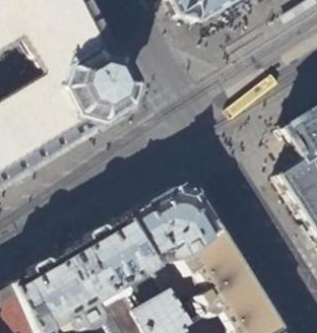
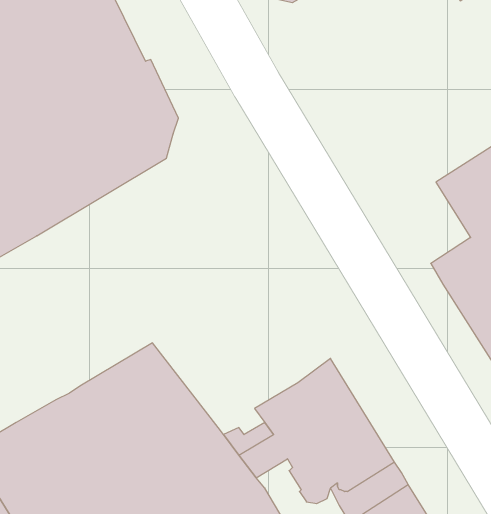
building: [117,189,221,271] -> none

